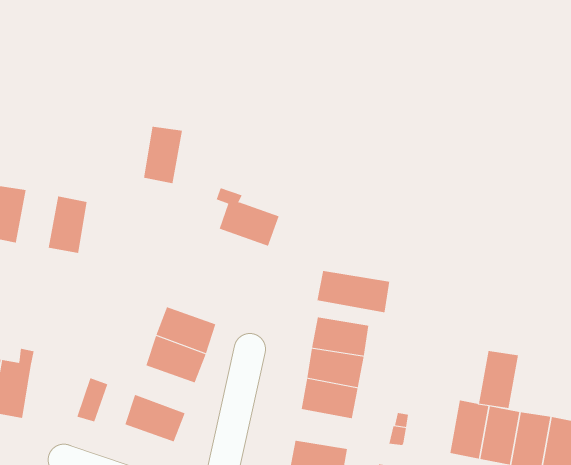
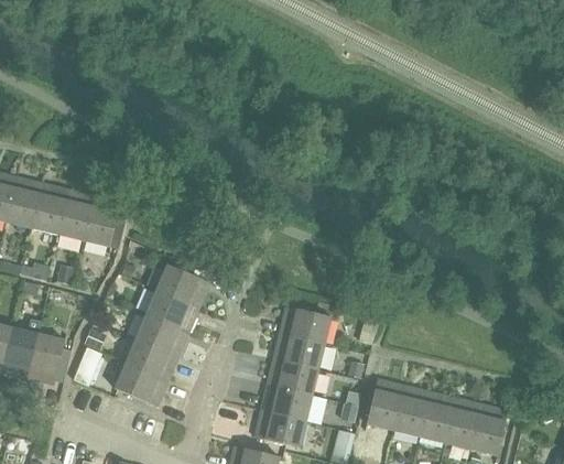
building: [143,126,183,184] -> [85,196,121,247]
building: [216,188,280,246] -> [156,255,210,307]
building: none -> [32,183,69,234]
building: [317,270,390,313] -> none
building: [478,351,519,408] -> [367,379,404,430]
building: none -> [126,339,178,382]
building: none -> [29,334,65,385]
building: none -> [261,385,312,421]

